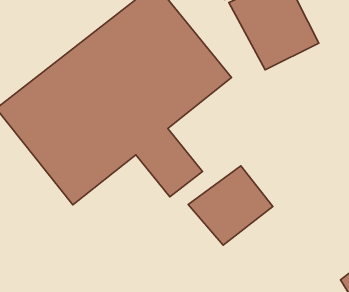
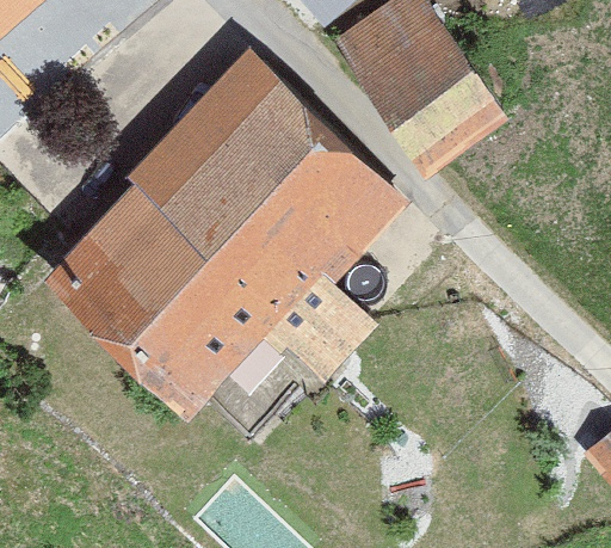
building: [188,166,273,245] -> none

